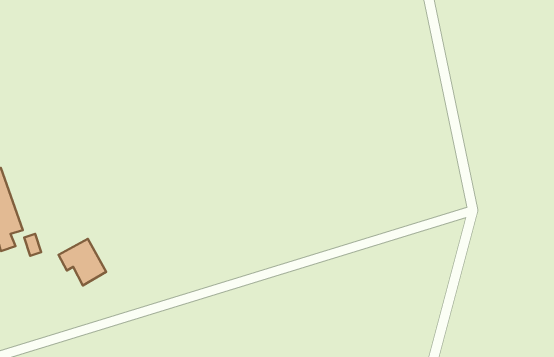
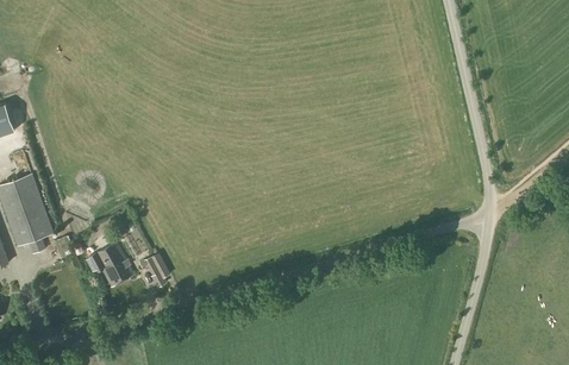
building: none -> [138,252,169,287]

